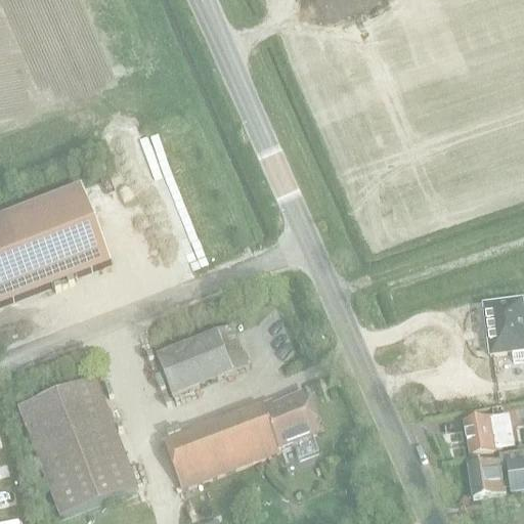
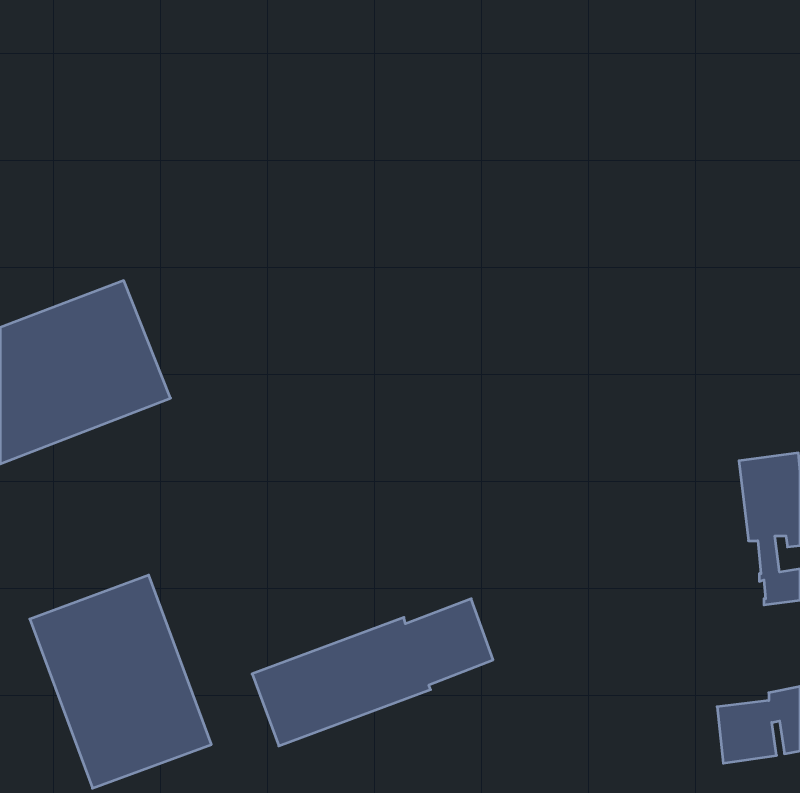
building: [157,320,247,390] -> none
building: [465,417,501,453] -> none

